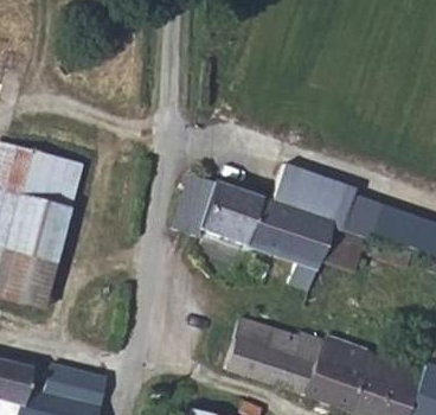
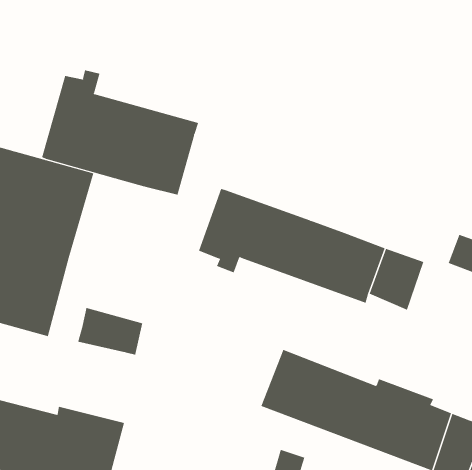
building: none -> [42,70,199,196]
building: [282,165,397,237] -> none
building: none -> [78,307,143,355]

